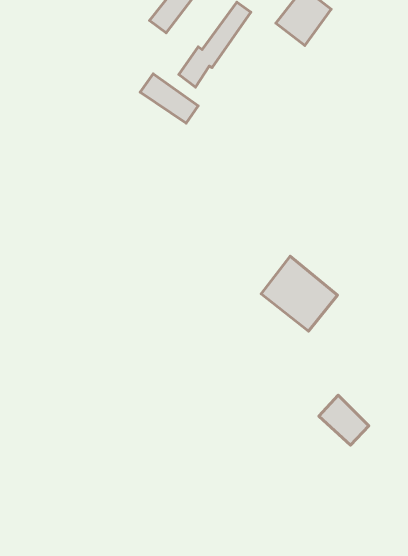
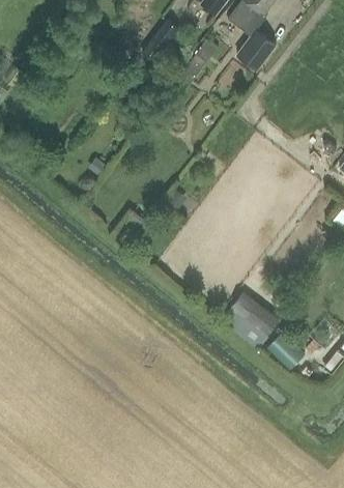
building: [140,74,198,123] -> none
building: [261,256,337,331] -> [223,291,280,347]

